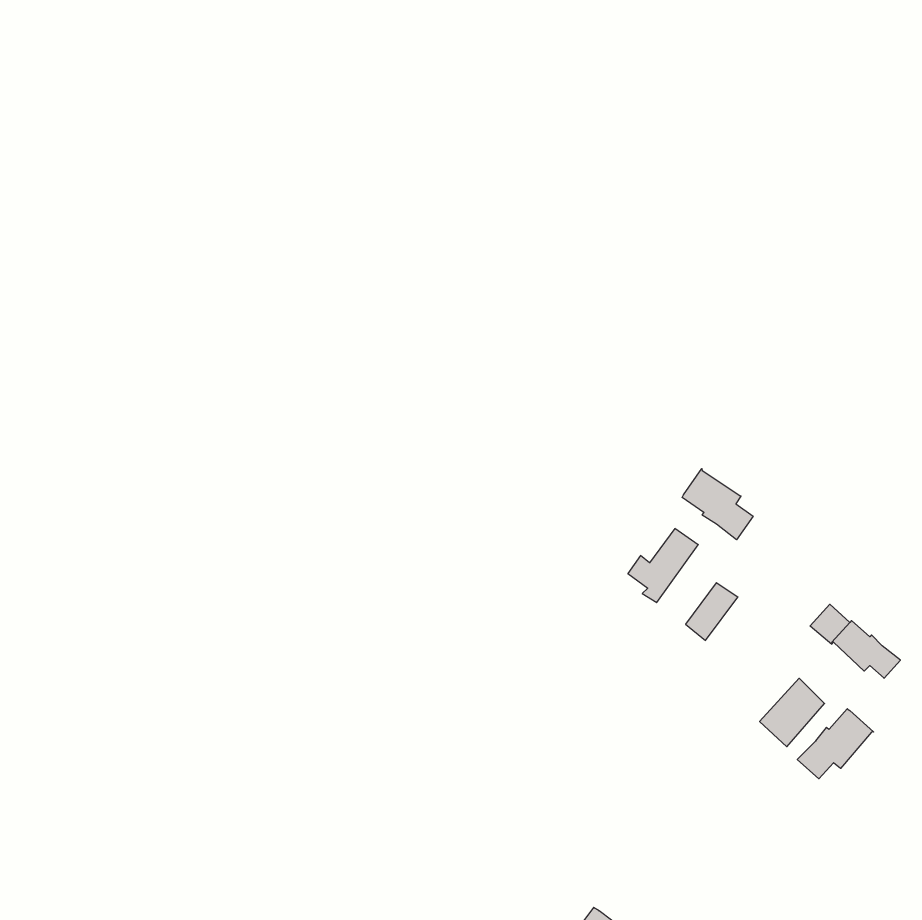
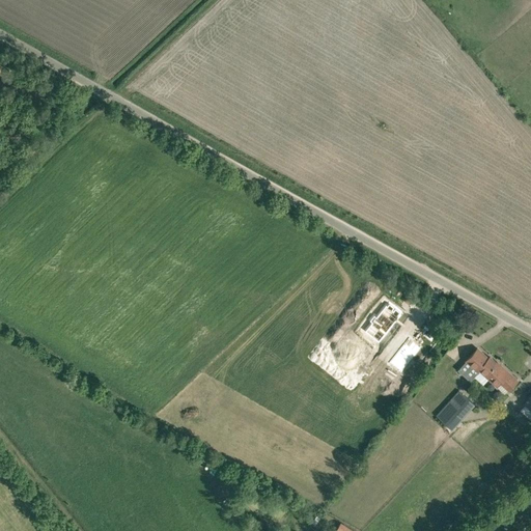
building: [682,469,753,540] -> none
building: [797,709,874,779] -> none

